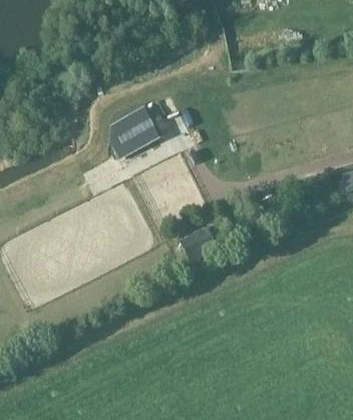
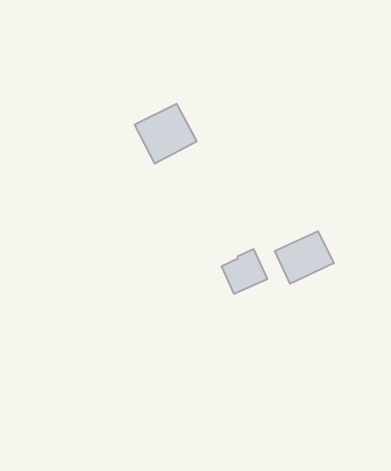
building: none -> [275,231,334,284]

